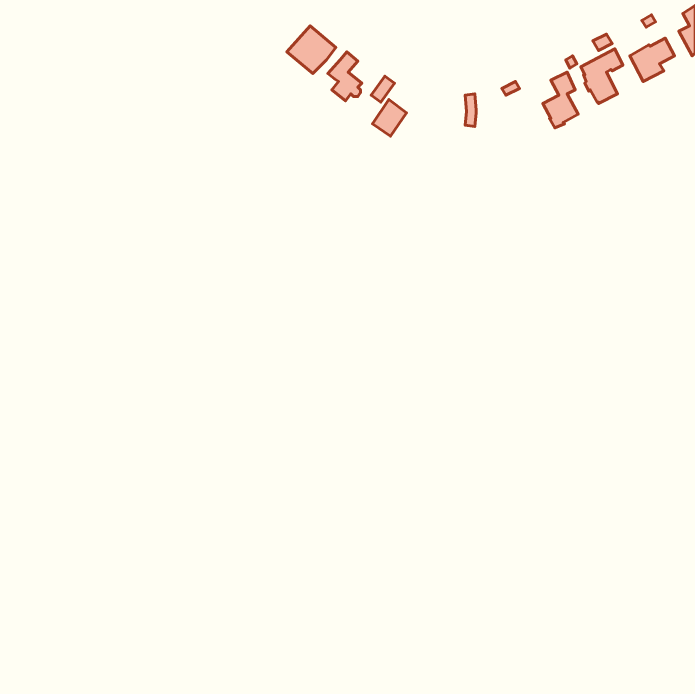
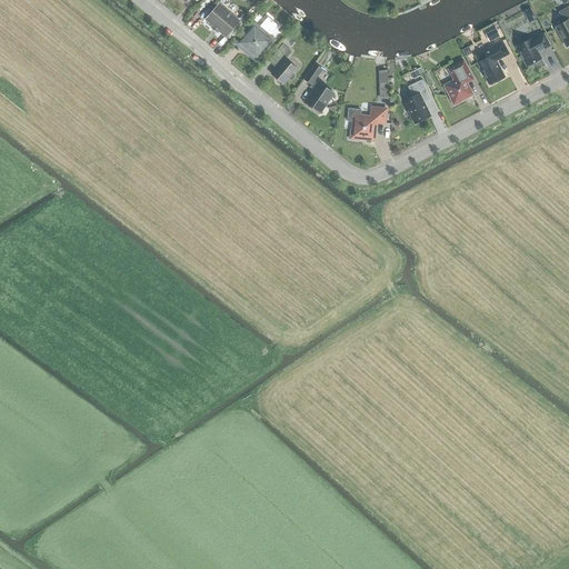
building: none -> [208,6,238,34]
building: none -> [401,79,430,123]
building: none -> [347,107,386,139]

